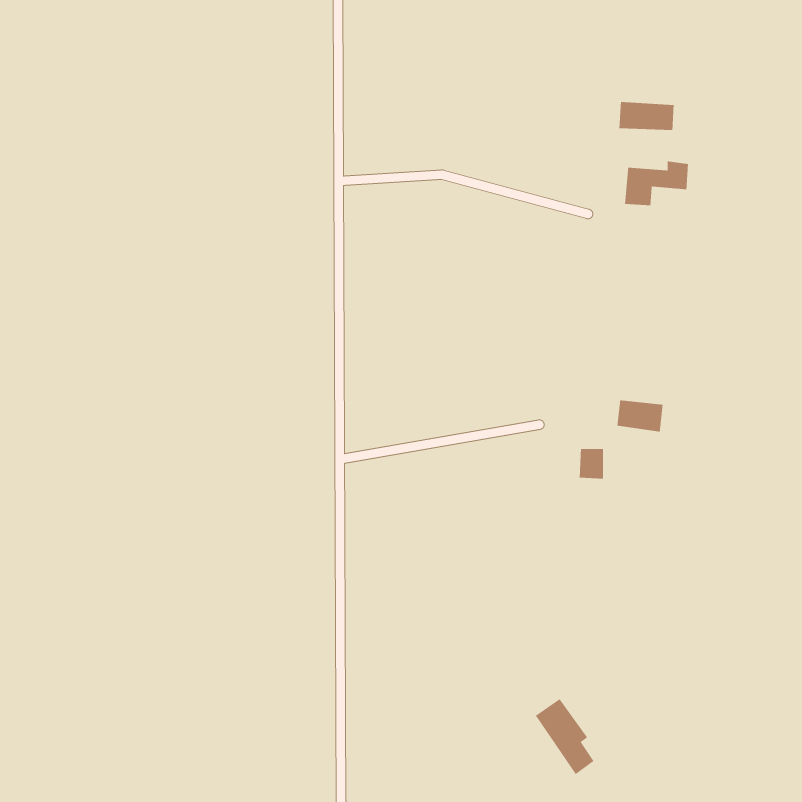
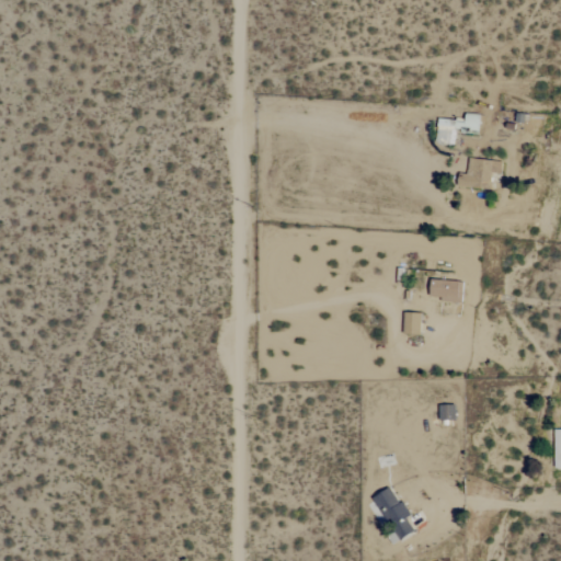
building: [618,101,675,131] -> none
building: none -> [458,158,502,191]

